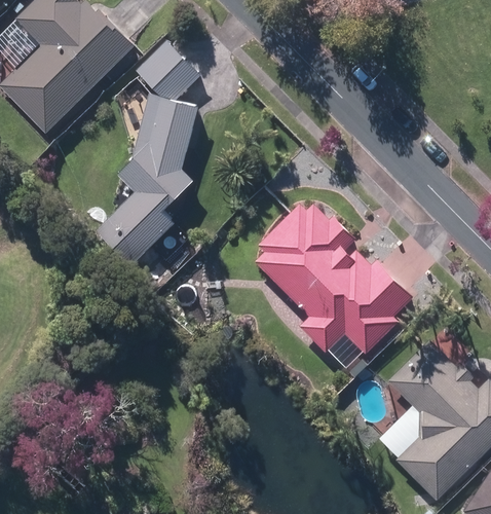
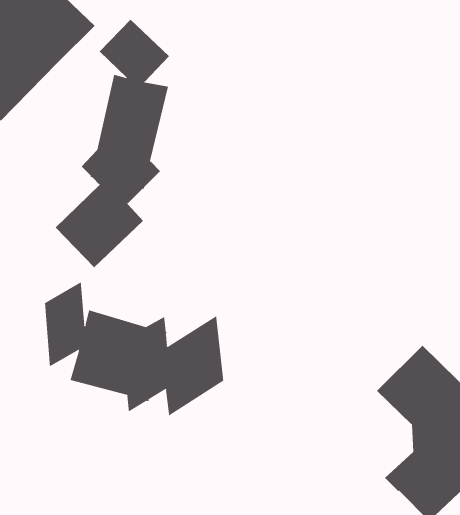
building: [250,201,412,355] -> none
building: none -> [45,281,224,417]

